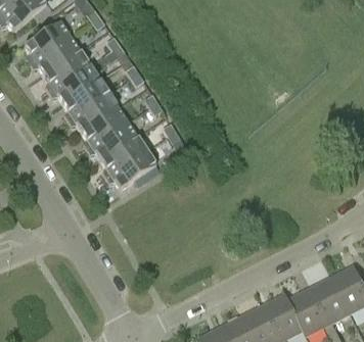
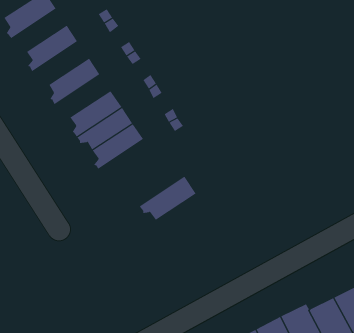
building: [30,36,79,74] -> none
building: [48,64,98,102] -> none
building: [67,93,117,131] -> none
building: [105,149,155,188] -> [139,176,197,221]

